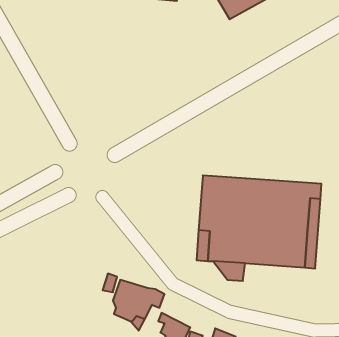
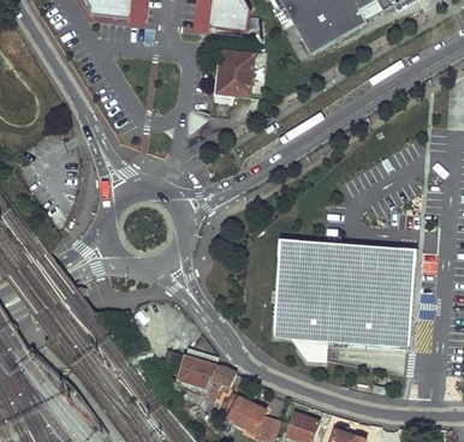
building: none -> [219,52,254,96]

